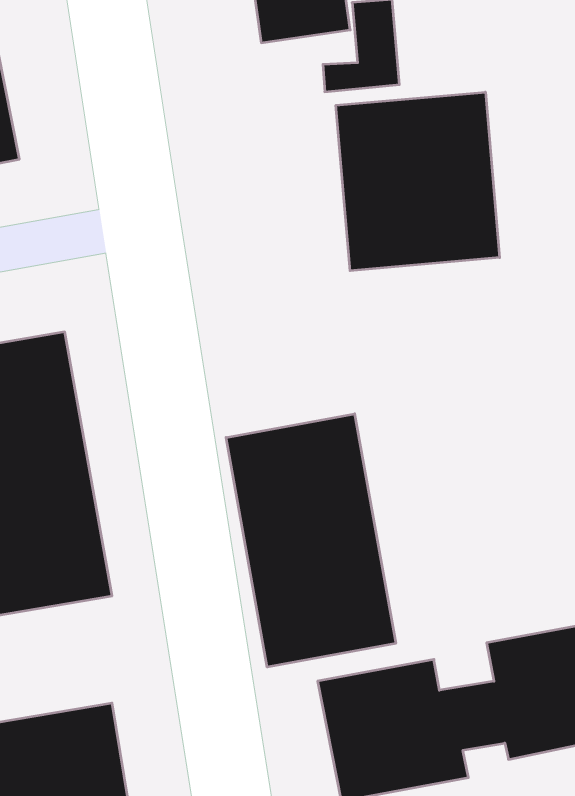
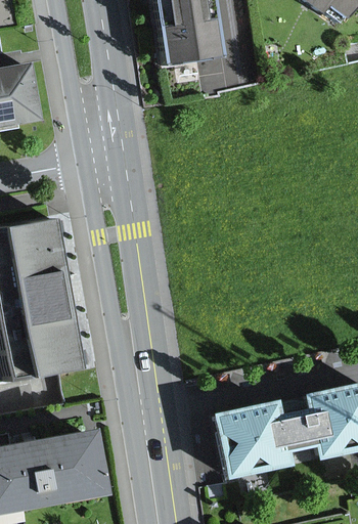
building: [336,92,500,271] -> none
building: [226,414,396,667] -> none

